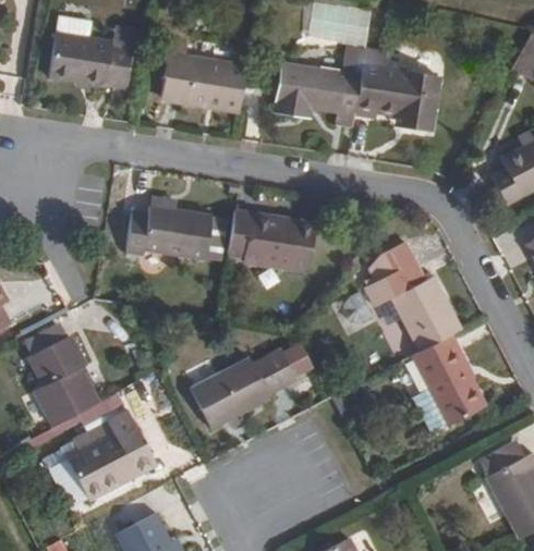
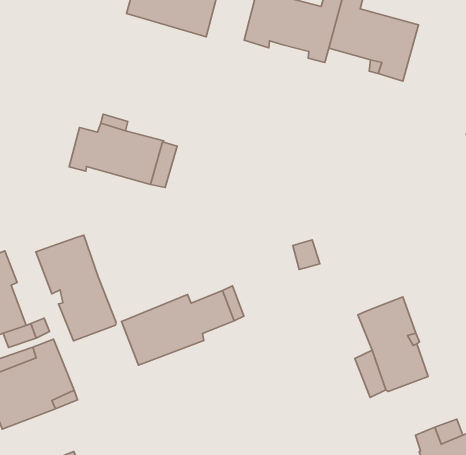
building: [229,211,314,270] -> none
building: [365,242,461,352] -> none
building: none -> [36,235,116,341]

